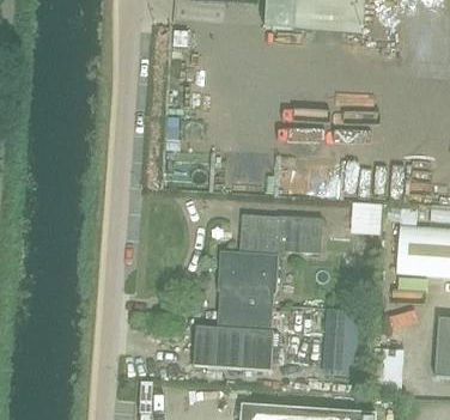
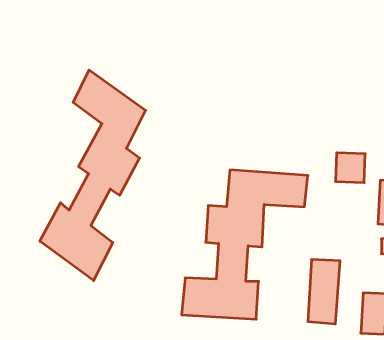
building: none -> [40,70,146,281]

